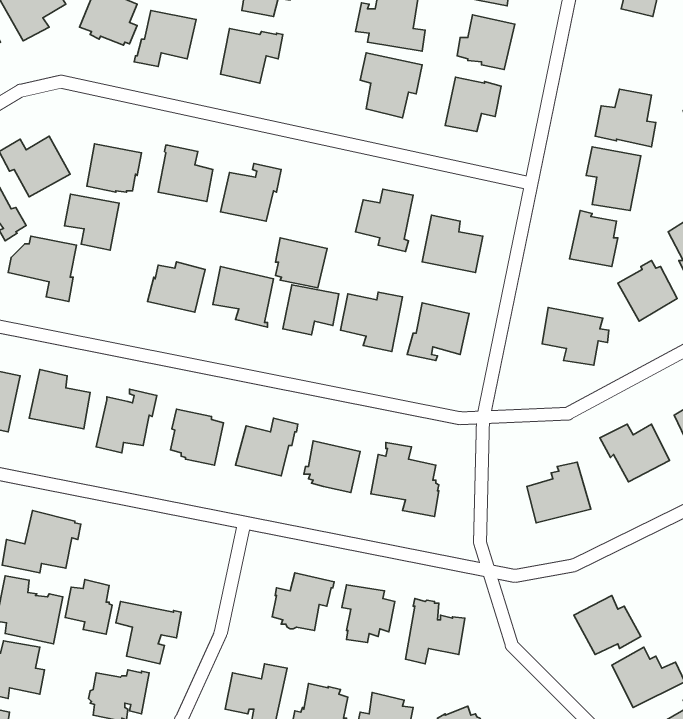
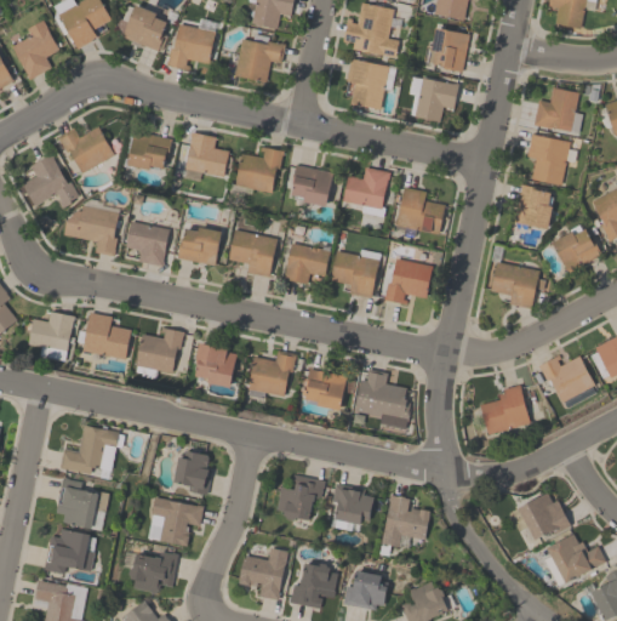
building: [65,194,119,250] -> [125,222,168,267]
building: [275,238,327,288] -> [291,165,332,205]
building: [65,579,112,634] -> [173,451,211,495]

